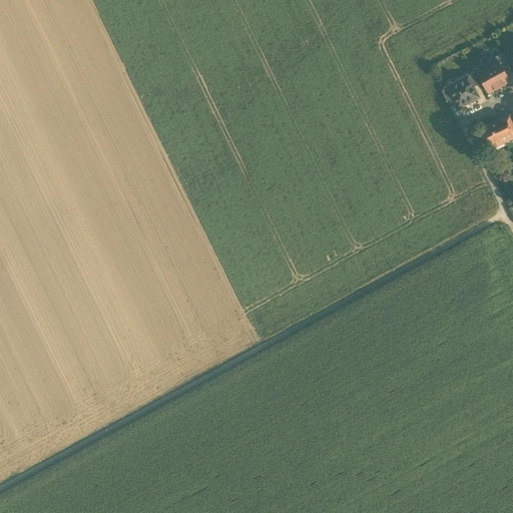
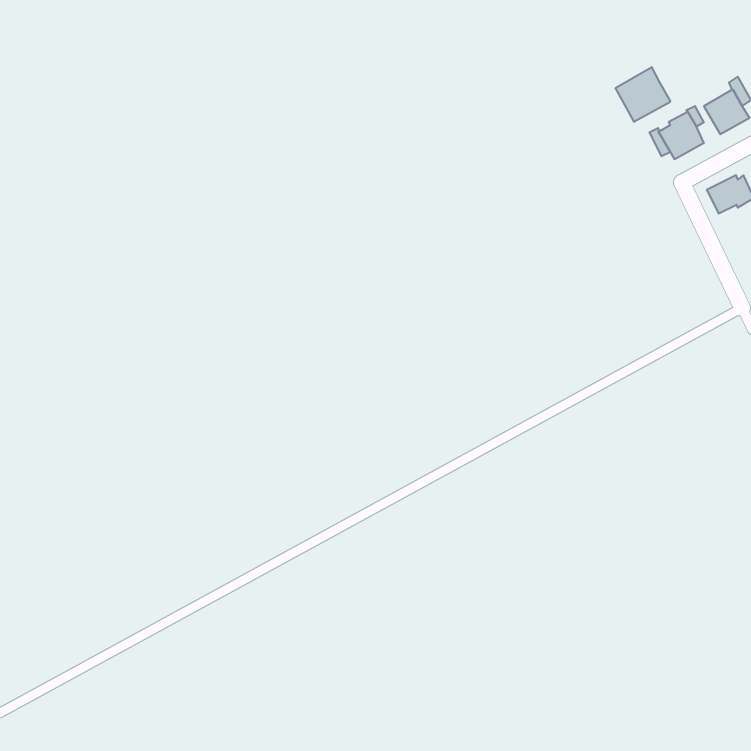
building: none -> [616,67,670,122]

